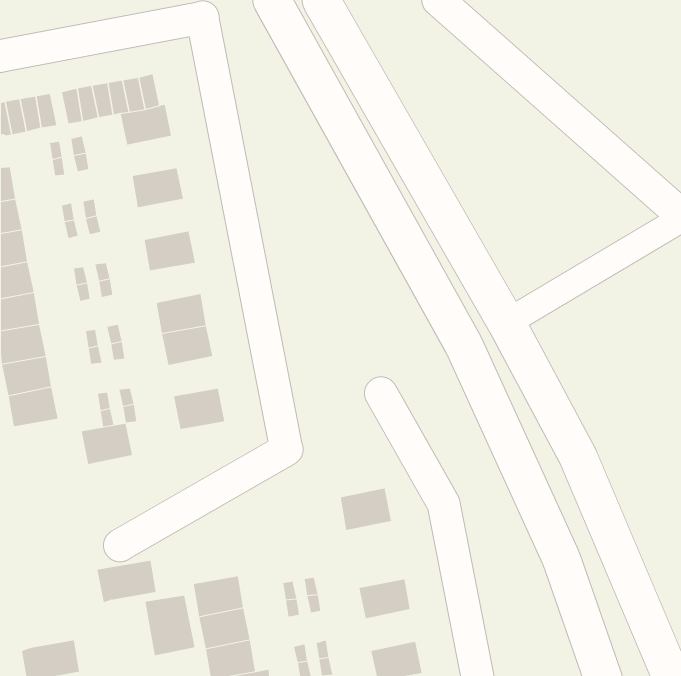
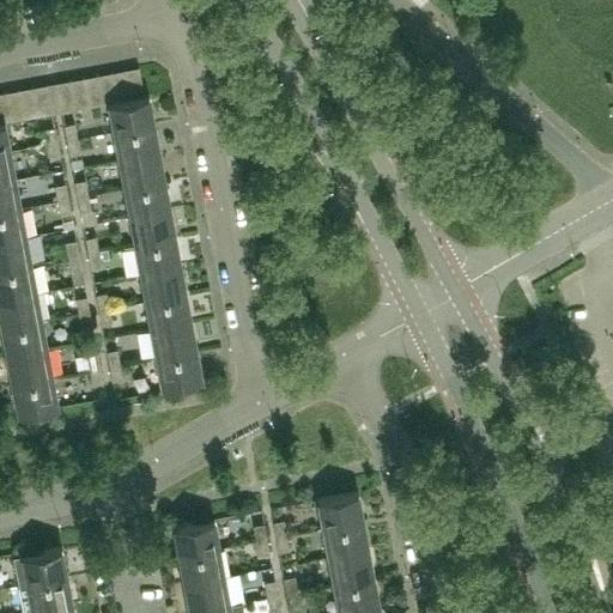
building: none -> [114,127,159,163]
building: none -> [123,183,170,220]
building: none -> [134,241,181,277]
building: none -> [151,324,196,360]
building: [81,423,133,465] -> [12,381,59,418]
building: [340,488,392,531] -> [317,494,364,533]
building: [96,560,156,603] -> [13,551,67,589]
building: [145,595,195,656] -> none
building: none -> [328,552,374,589]

